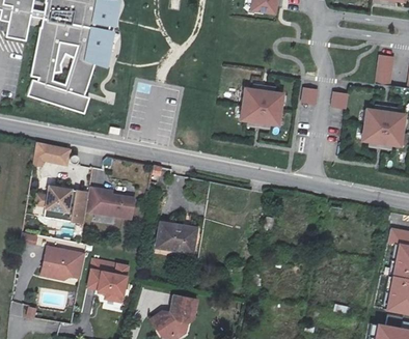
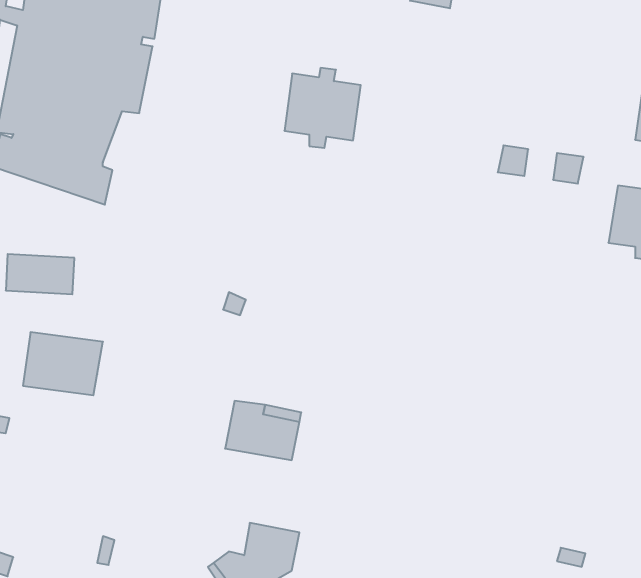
building: [241,82,282,125] -> [284,68,361,148]
building: [83,187,132,216] -> none
building: [40,245,84,278] -> none
building: [87,257,132,302] -> none

